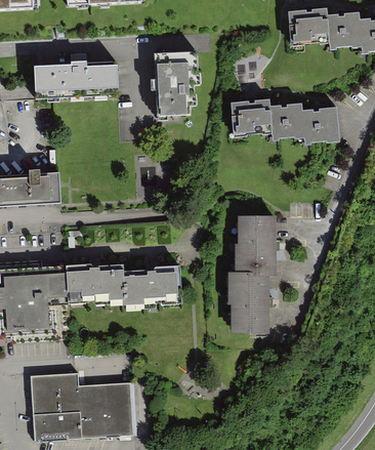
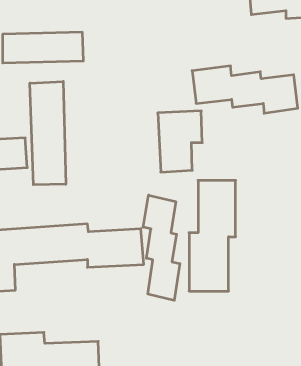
building: [153,51,199,115] -> [158,111,202,172]
building: none -> [30,81,66,185]
building: none -> [143,195,180,300]

